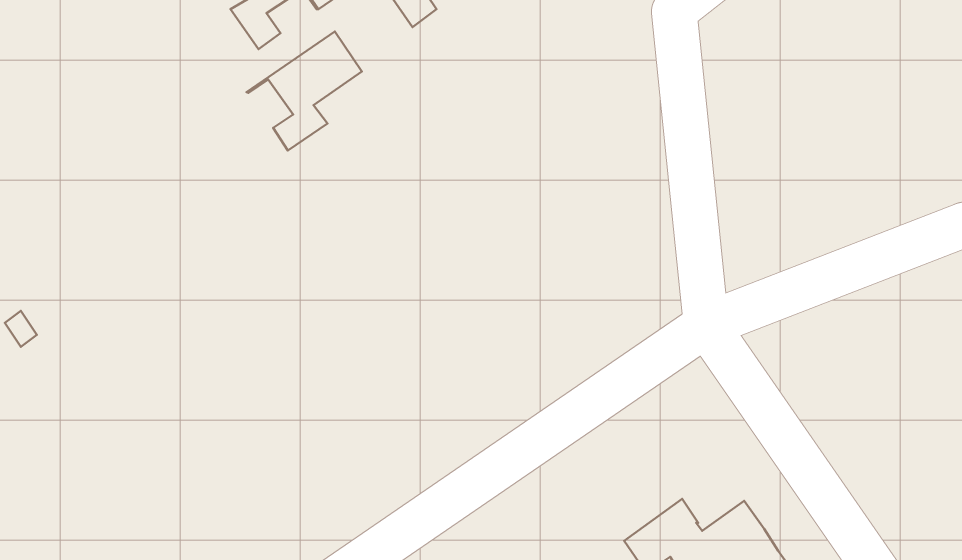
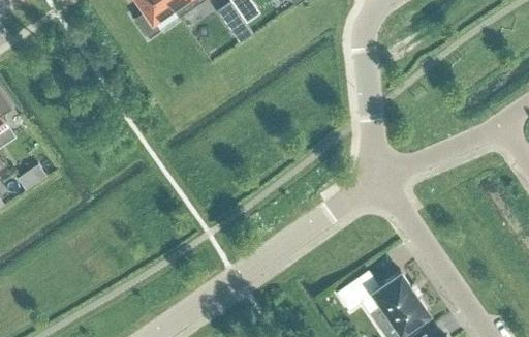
building: [247,31,362,150] -> none

